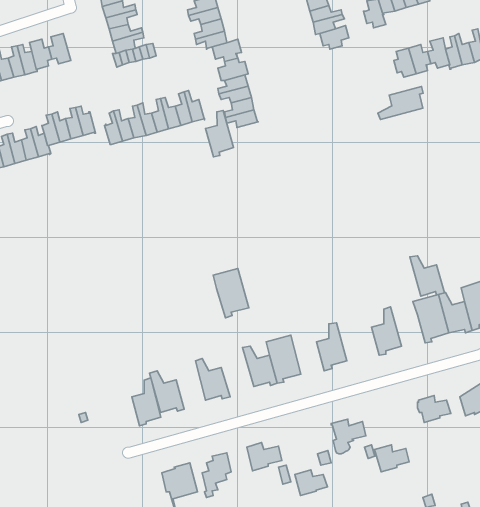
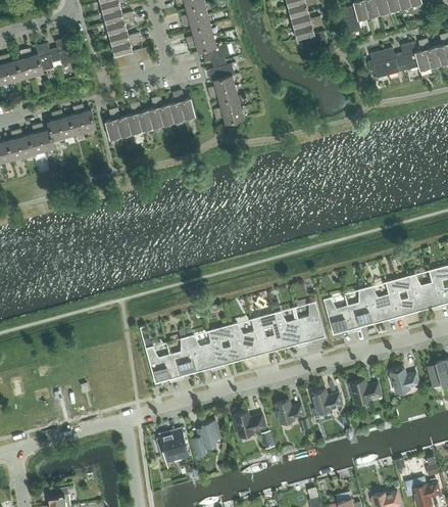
building: [378,86,423,120] -> none
building: [206,111,234,157] -> none
building: [410,256,444,296] -> [364,286,396,323]
building: [213,268,249,318] -> [207,324,240,369]
building: none -> [322,297,354,334]
building: none -> [273,311,304,349]
building: [132,378,161,426] -> [169,336,196,380]
building: [375,445,409,472] -> [349,379,381,404]
building: [295,470,327,496] -> [275,400,304,423]

